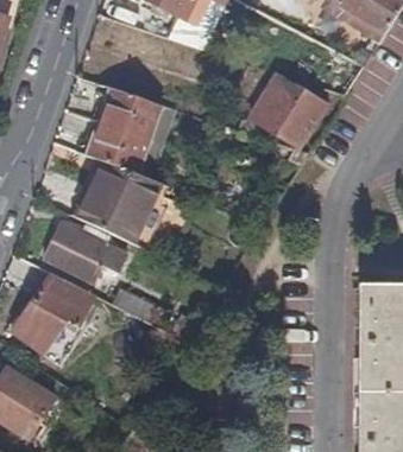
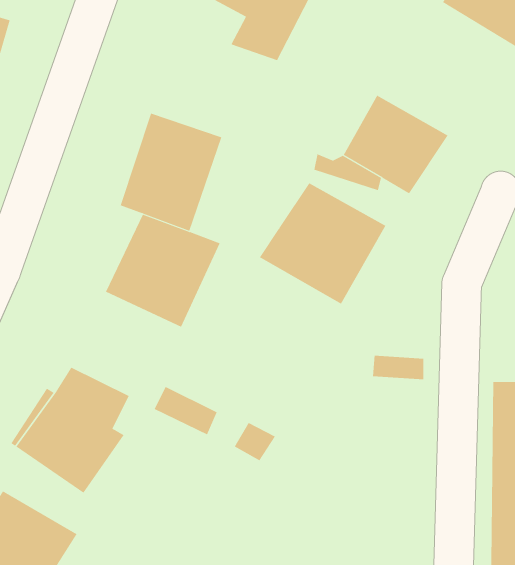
building: none -> [259,183,386,305]
building: [45,223,127,281] -> none

